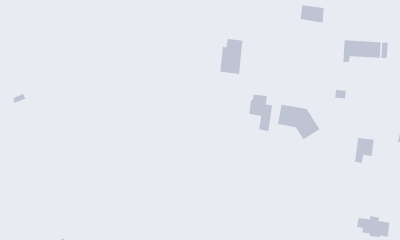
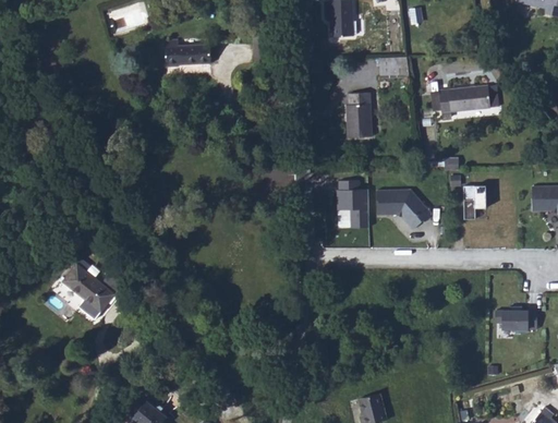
building: [220,39,243,74] -> [348,93,376,137]
building: none -> [63,262,123,310]
building: [354,137,374,163] -> [459,183,482,216]

